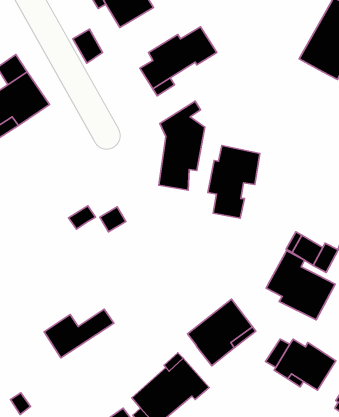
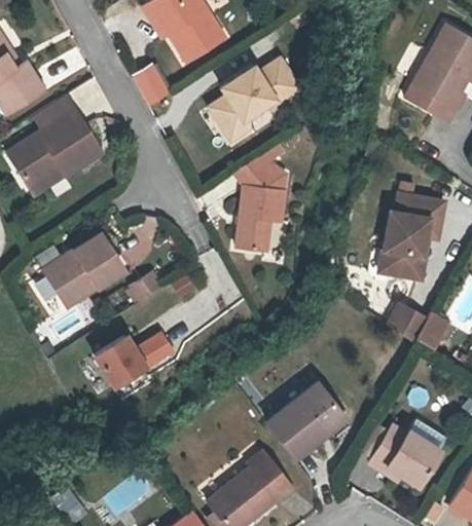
building: [208,146,260,218] -> [379,192,441,278]
building: none -> [51,231,129,305]
building: [266,251,335,320] -> none
building: [44,309,114,358] -> [95,332,177,389]

